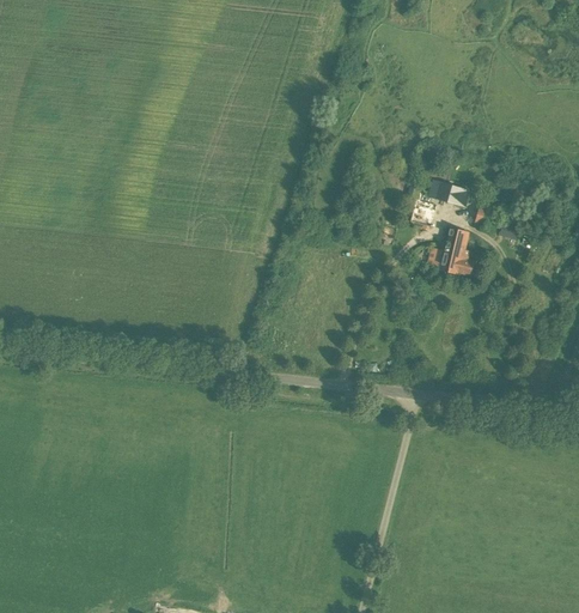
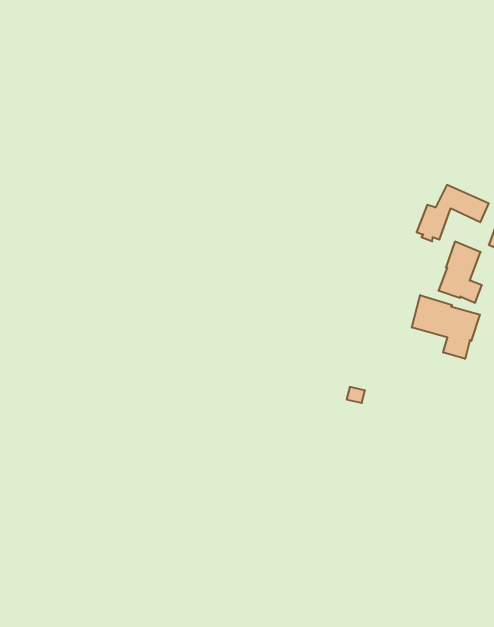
building: none -> [412,295,480,359]

